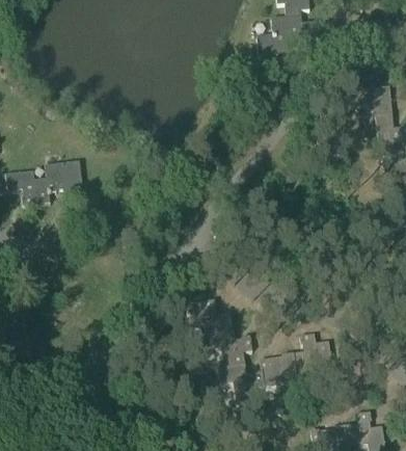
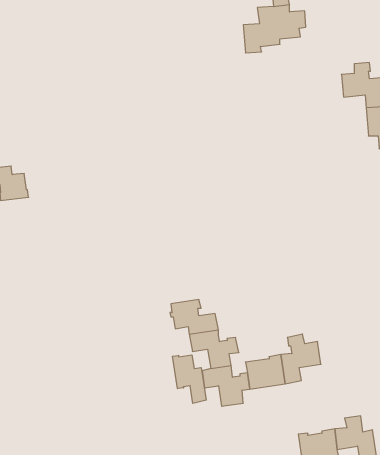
building: [45,159,82,192] -> none
building: none -> [172,355,206,403]

